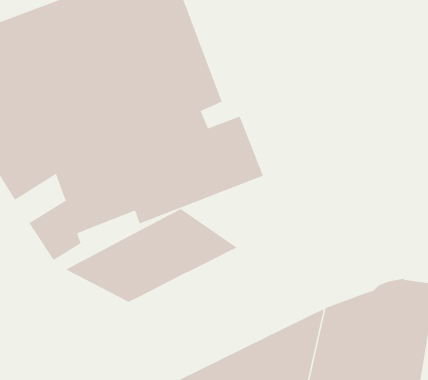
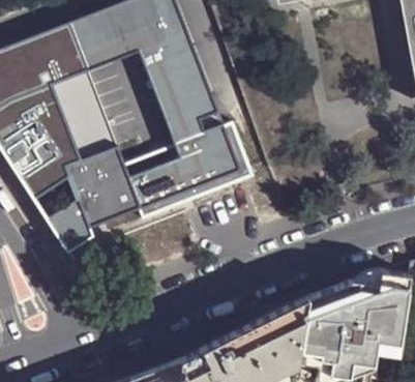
building: [65,208,238,303] -> none

